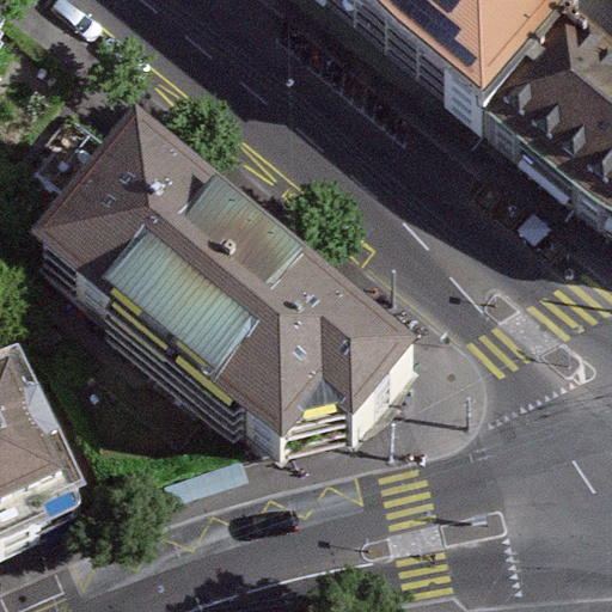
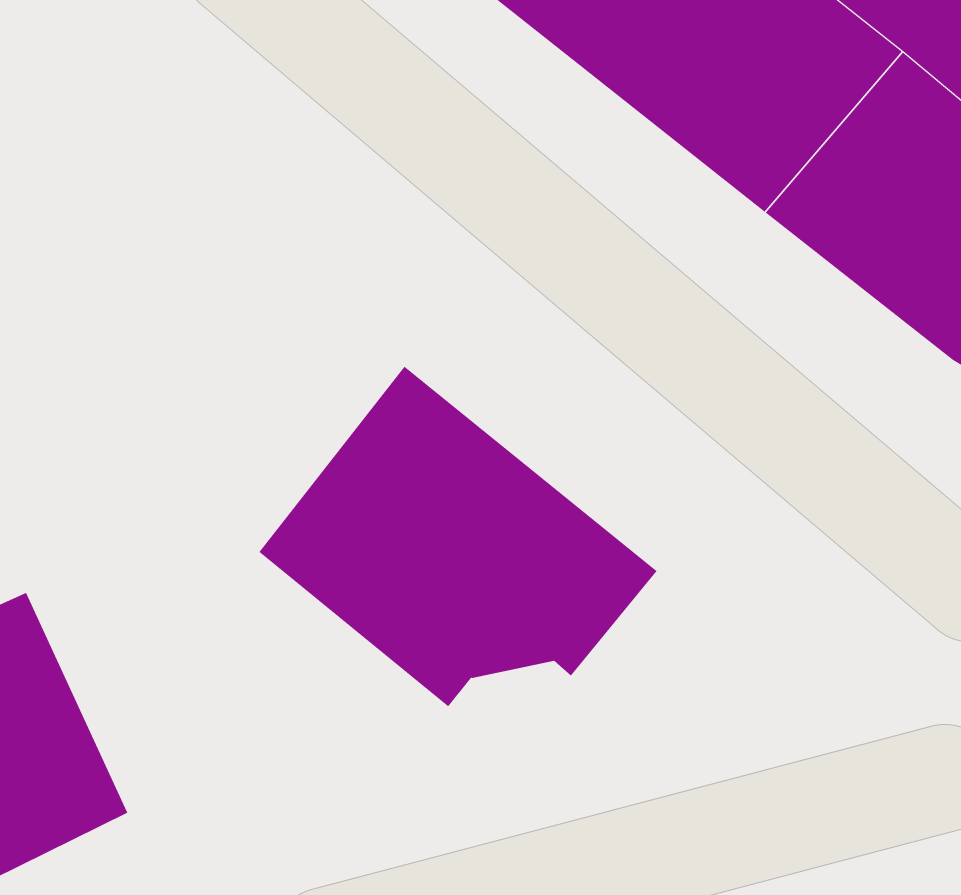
building: [50,136,262,349] -> none

